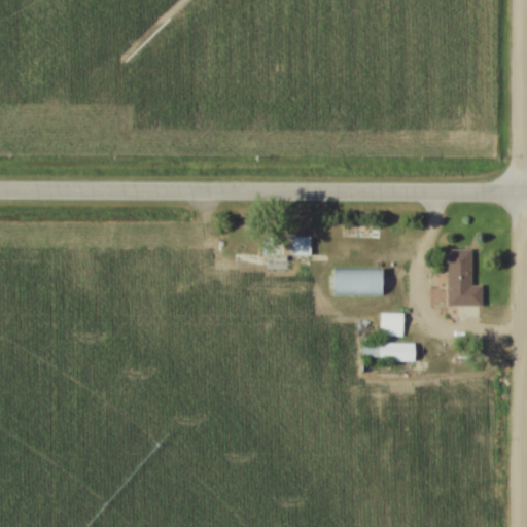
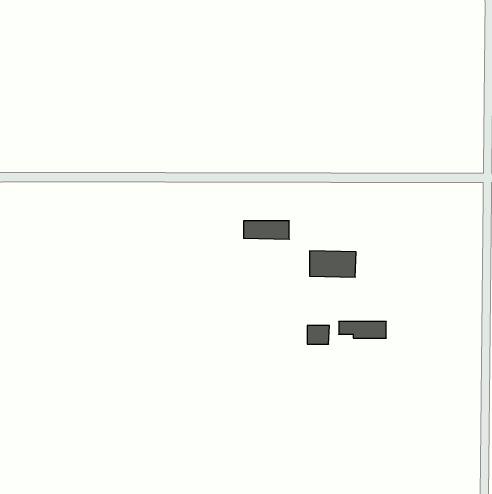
building: [446,248,484,306] -> none
building: [381,313,405,332] -> [307,326,329,344]

